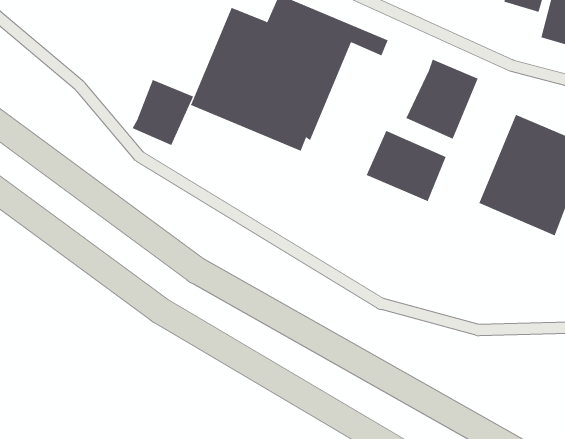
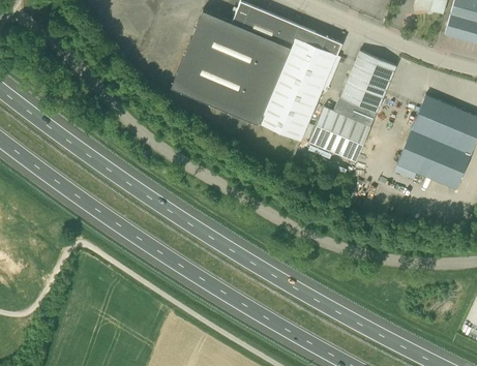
building: none -> [261,36,341,141]
building: [132,79,194,146] -> none
building: none -> [333,97,377,127]

